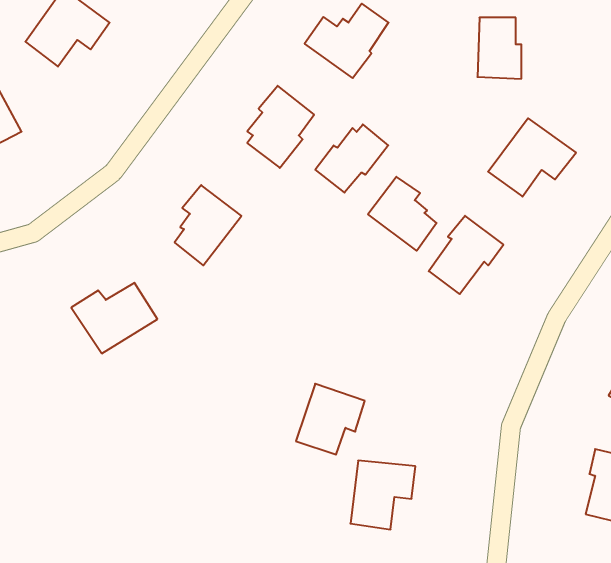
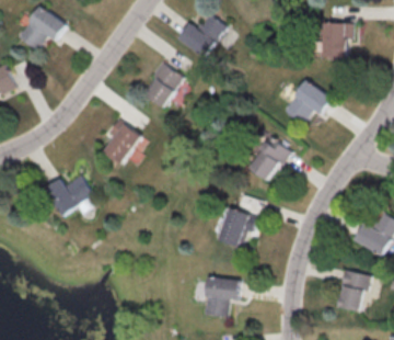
building: [477,18,521,79] -> [322,22,347,57]
building: [315,124,388,193] -> none
building: [368,177,437,251] -> none
building: [296,384,365,455] -> [218,206,257,247]

